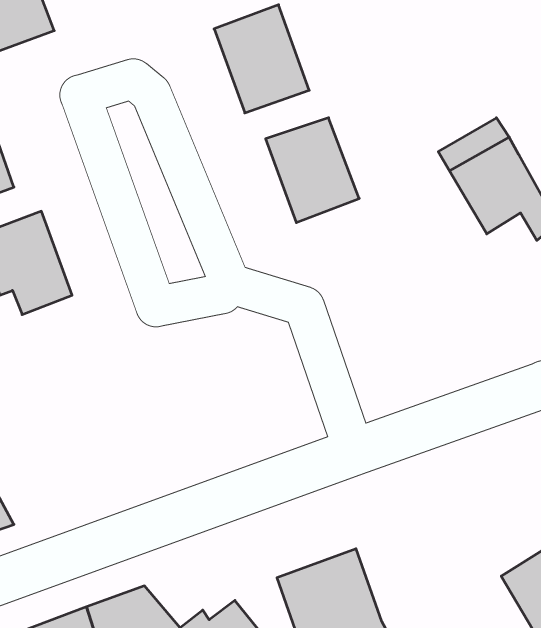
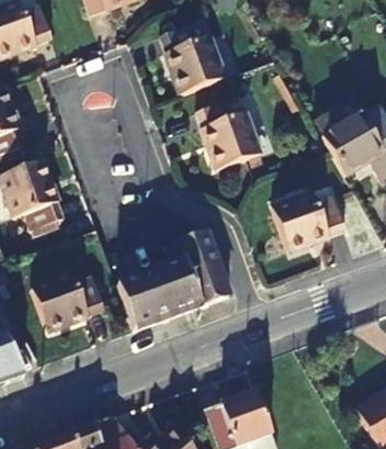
building: none -> [273,194,345,250]
building: none -> [118,235,230,330]
building: none -> [32,274,104,332]

